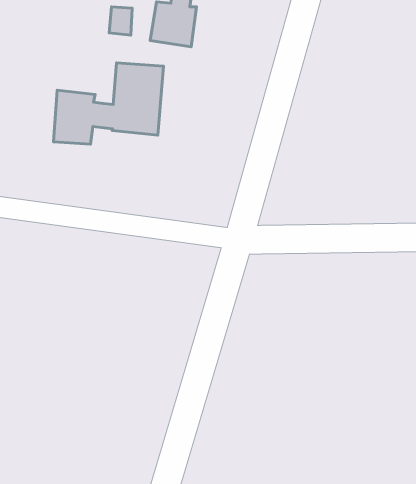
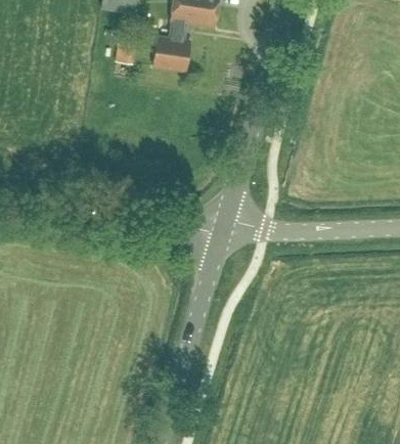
building: [53,63,163,144] -> none

